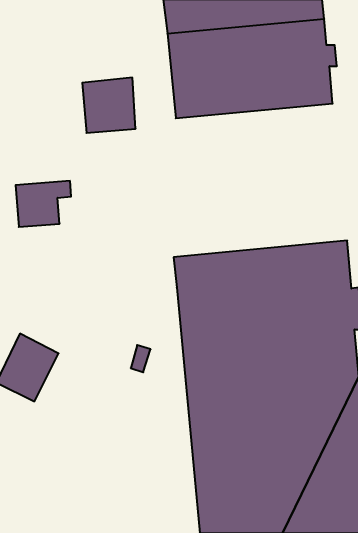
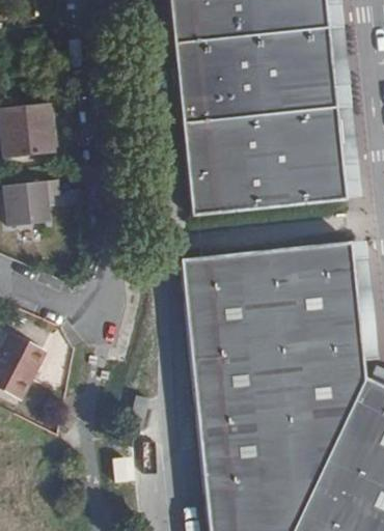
building: [82,78,136,133] -> [13,103,66,158]
building: none -> [179,104,347,204]

